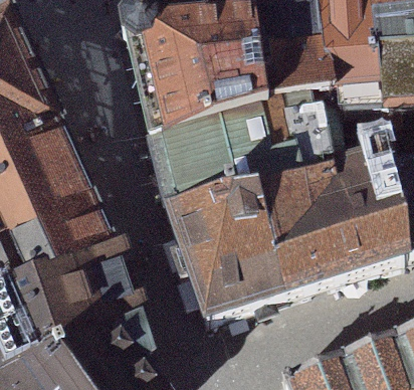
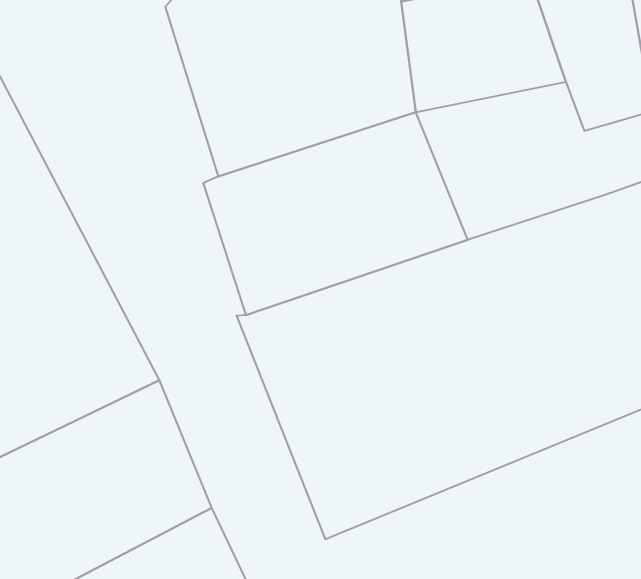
building: [252,100,349,179] -> none

